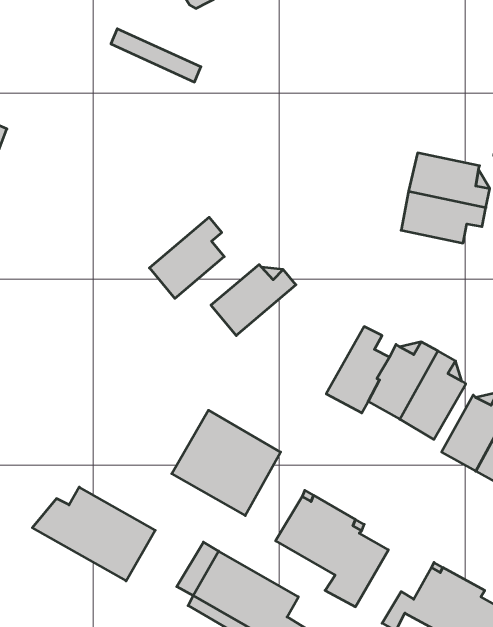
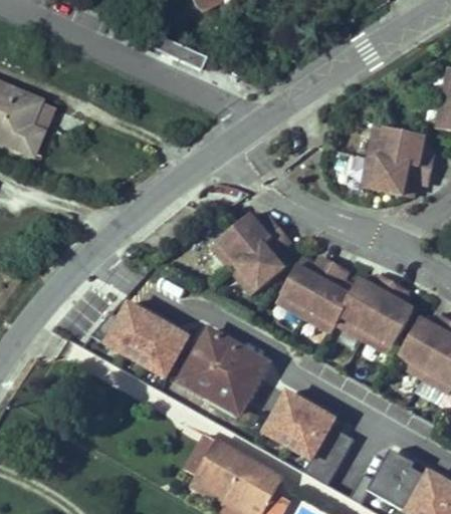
building: [149,217,224,298] -> [232,229,291,293]
building: none -> [276,254,333,315]
building: [32,487,155,581] -> [91,301,189,375]

